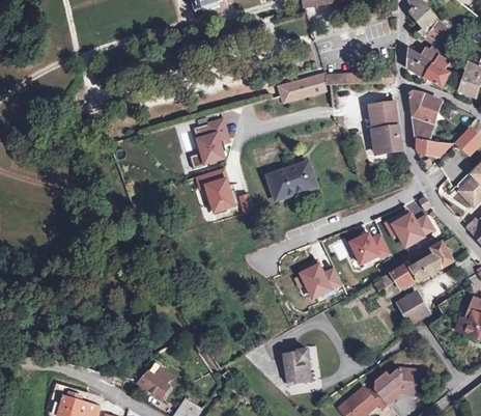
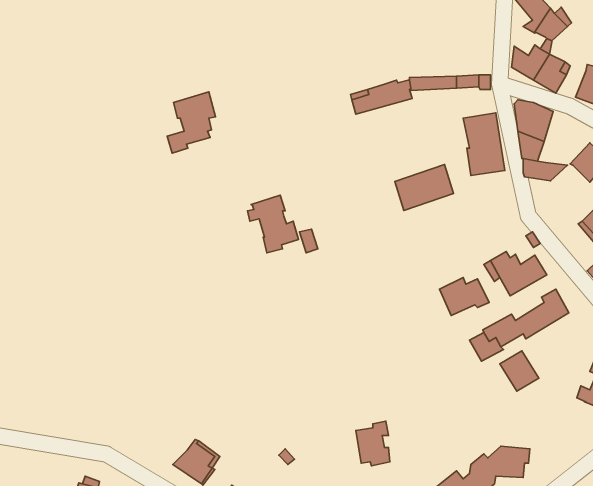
building: [189,119,227,168] -> [167,92,215,153]
building: [267,162,314,198] -> [395,165,454,210]
building: [294,258,340,297] -> none

